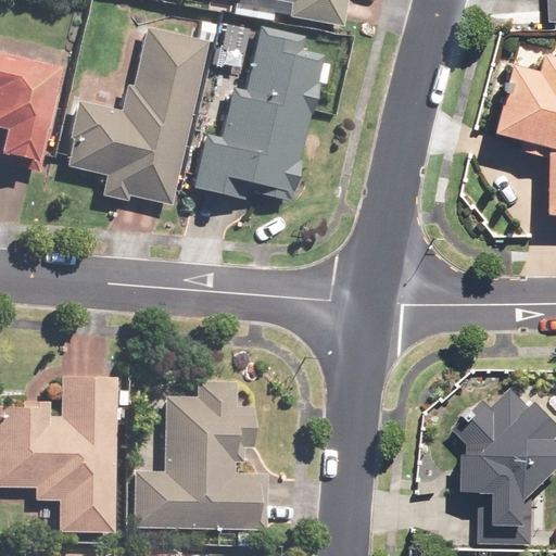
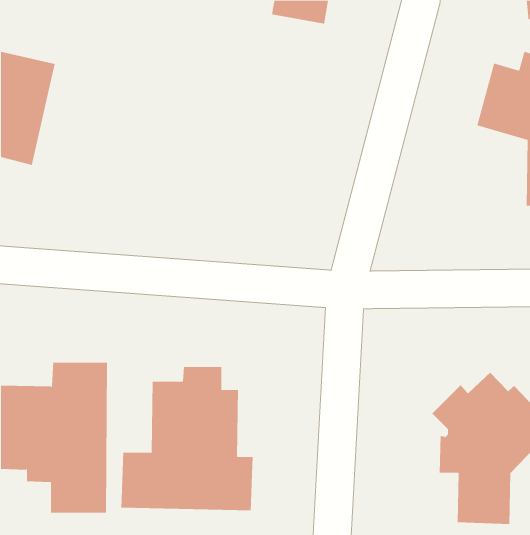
building: [62,28,207,204] -> none
building: [192,28,323,200] -> none

